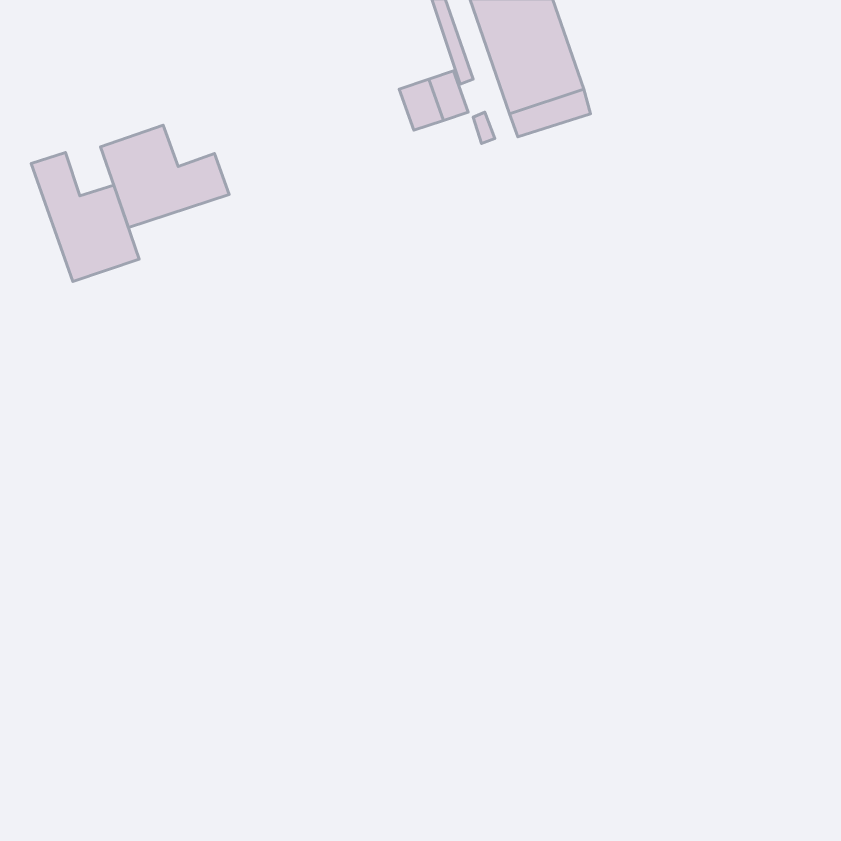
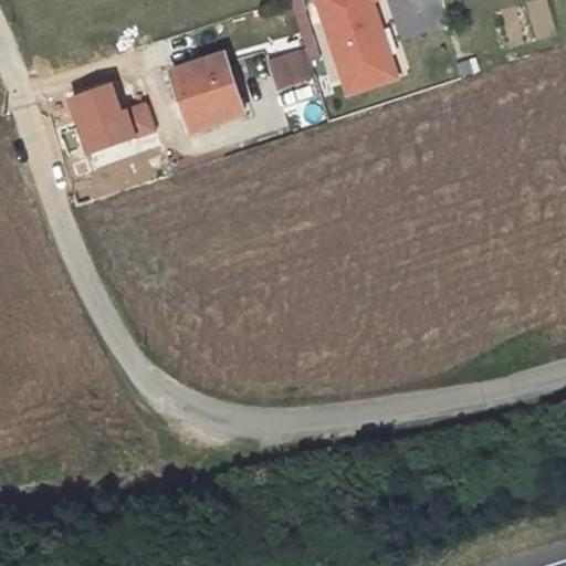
building: none -> [172,53,243,129]
building: [31,153,139,281] -> none

